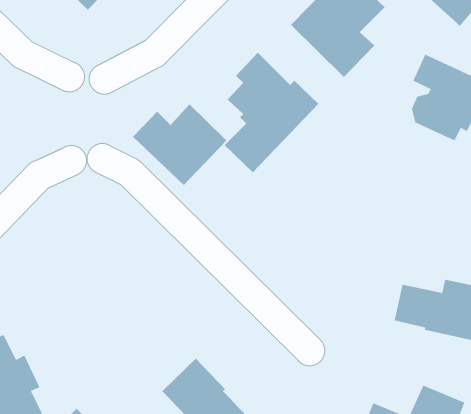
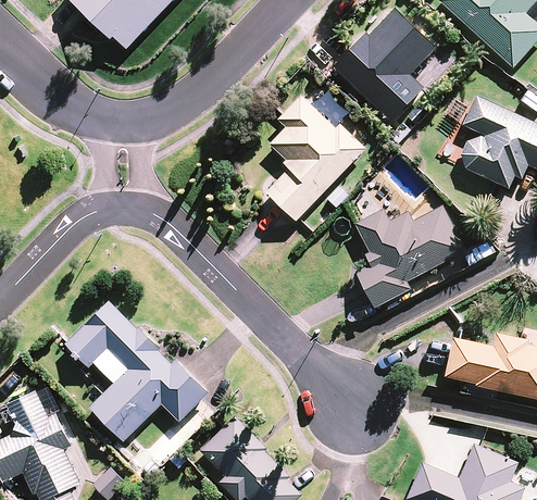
building: [132,104,227,186] -> none
building: none -> [354,205,466,308]
building: none -> [65,301,208,441]

